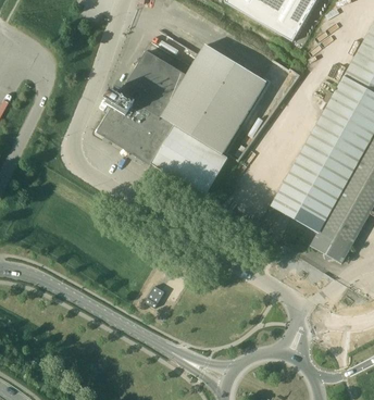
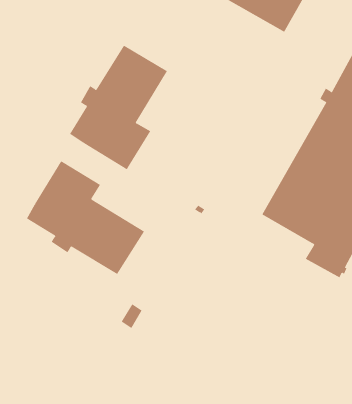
building: [151,43,267,196] -> none
building: none -> [26,161,145,275]

